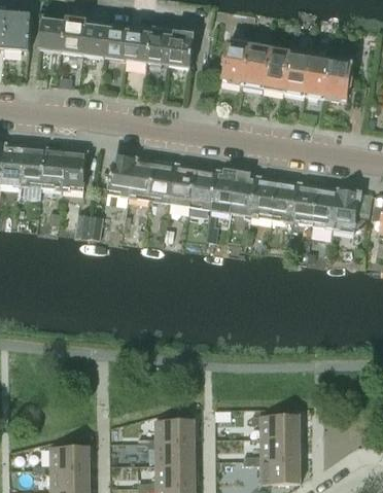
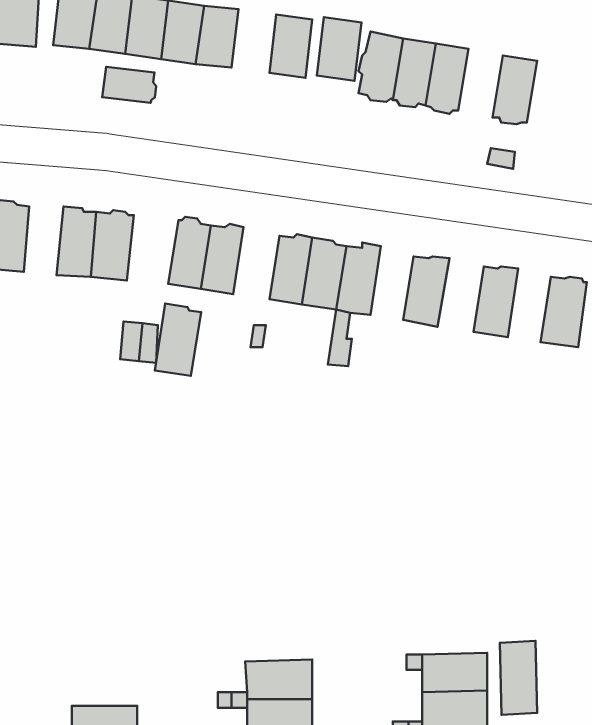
building: [146,28,173,66] -> [317,17,361,81]
building: [282,51,309,94] -> none
building: [323,59,352,101] -> none
building: none -> [102,67,156,103]
building: [22,145,45,187] -> none
building: [147,159,175,202] -> [155,304,201,376]
building: [230,170,255,214] -> none
building: [270,177,298,221] -> none
building: [312,183,338,227] -> none
building: none -> [500,641,537,715]

